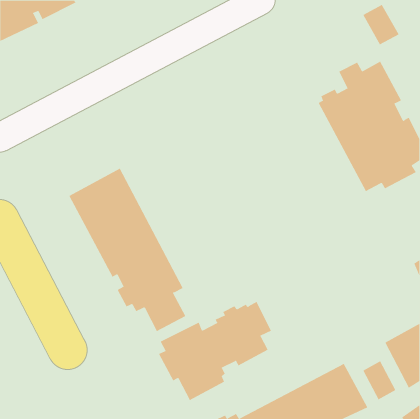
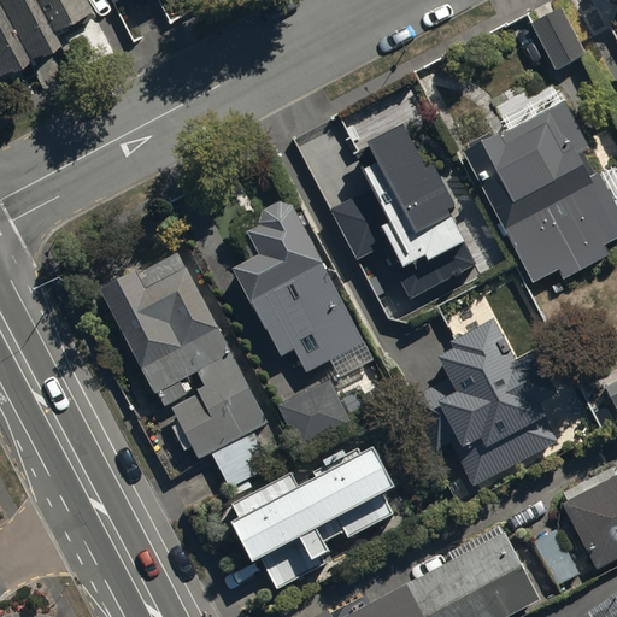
building: none -> [331,122,474,298]
building: none -> [235,202,372,377]
building: none -> [409,316,564,488]
building: none -> [274,375,354,456]

